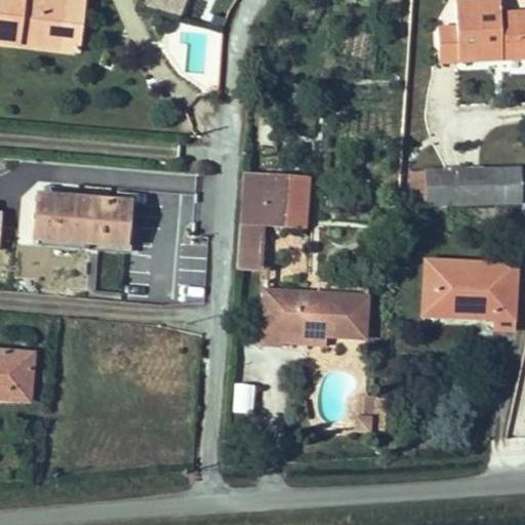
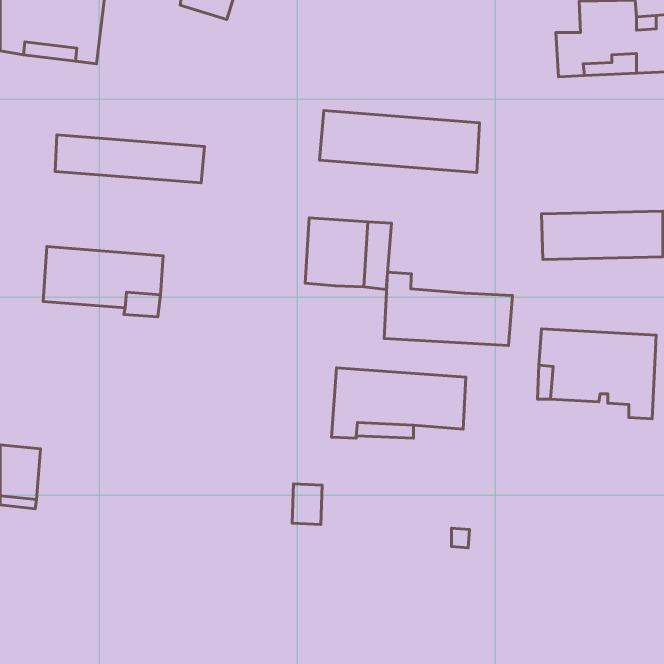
building: none -> [320,110,479,172]
building: none -> [55,135,204,183]
building: none -> [384,272,512,345]
building: [238,223,266,270] -> none

